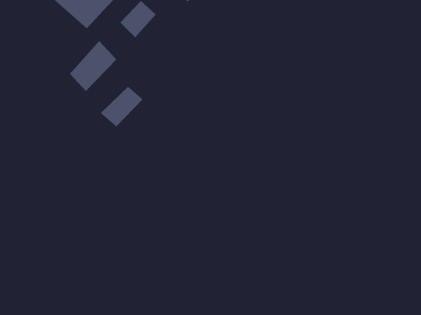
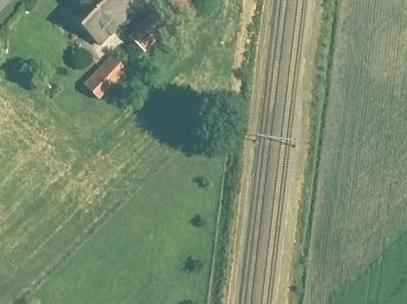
building: [100,86,143,127] -> none

